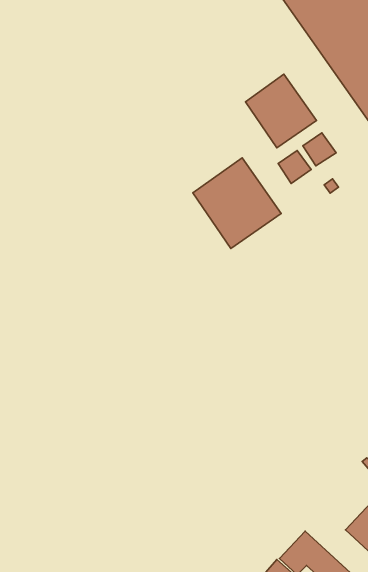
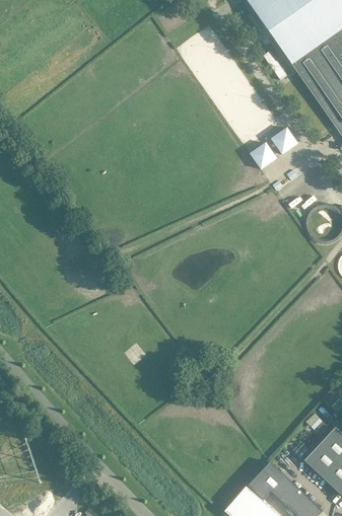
building: [245,74,317,148] -> none
building: [193,158,281,248] -> none

